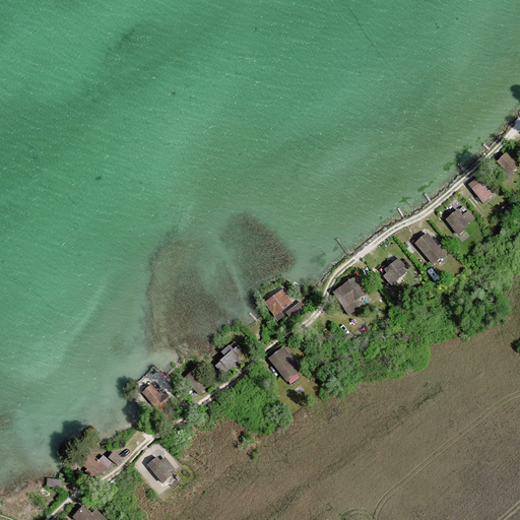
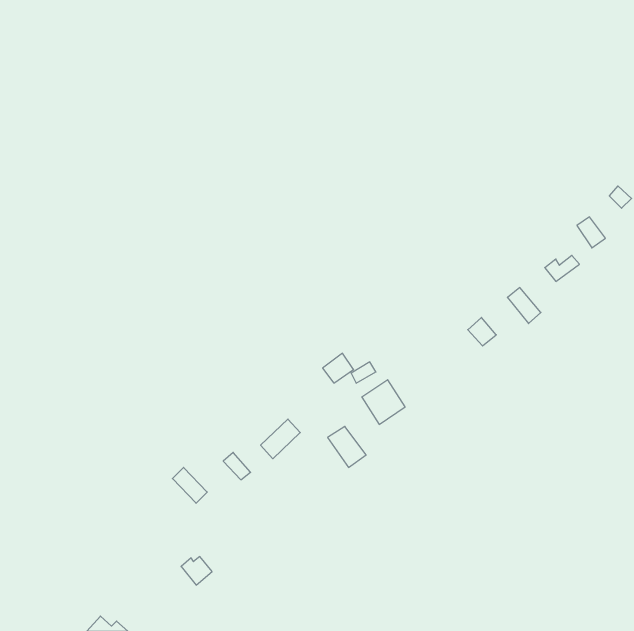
building: [334,276,370,313] -> [362,380,405,424]

